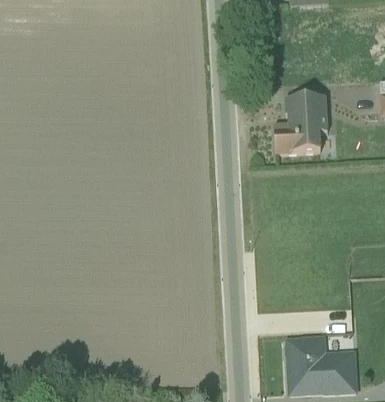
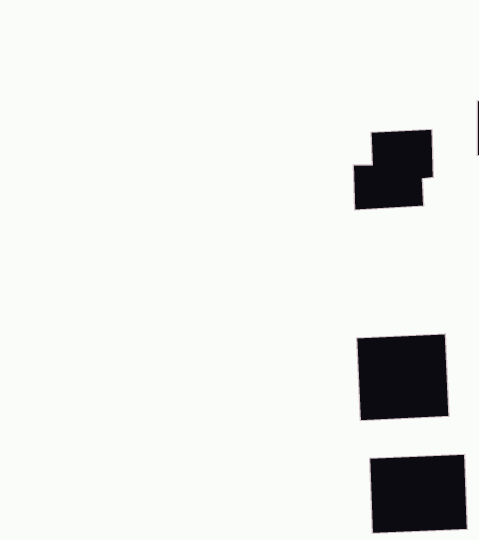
building: none -> [357,334,449,421]

